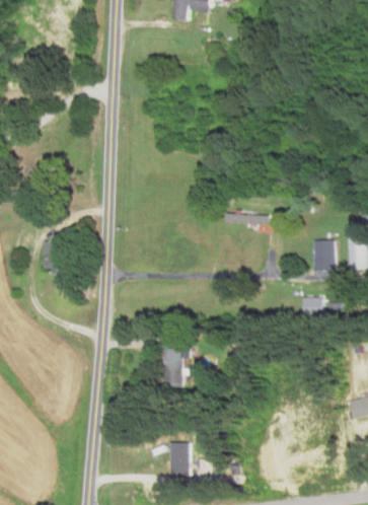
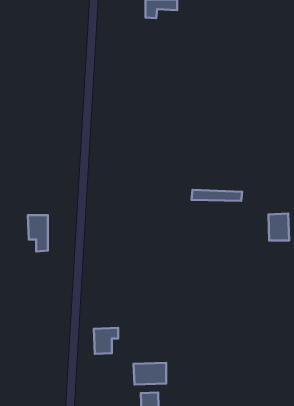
building: [303,296,323,314] -> none
building: [163,346,191,375] -> [94,328,118,354]
building: none -> [133,363,166,384]

